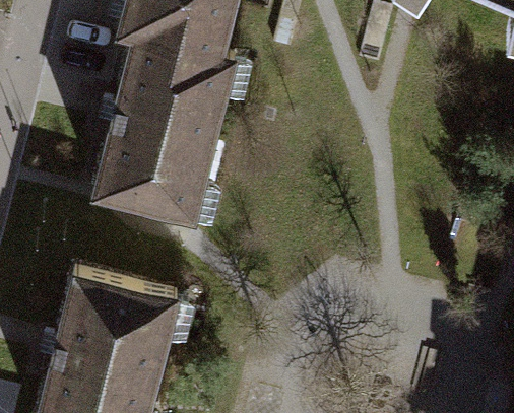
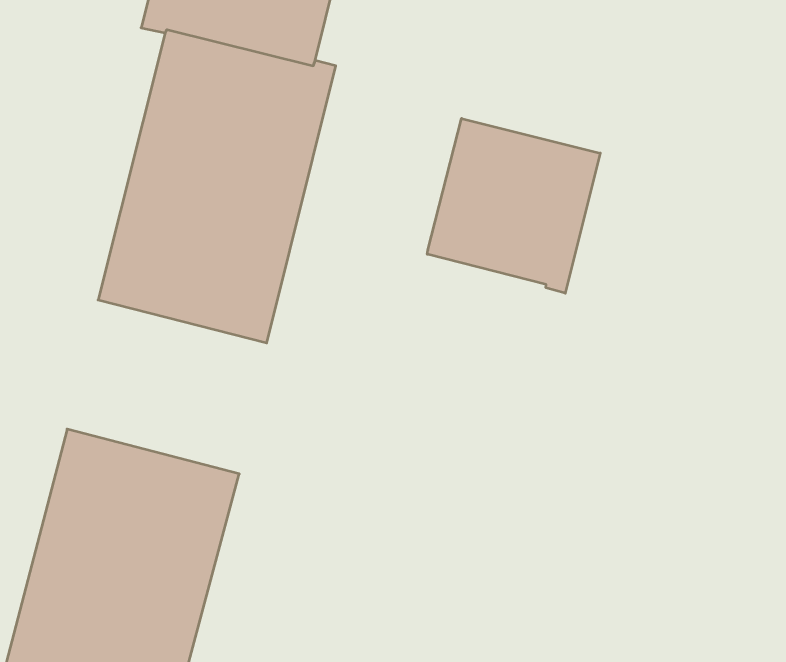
building: none -> [427,118,600,293]

